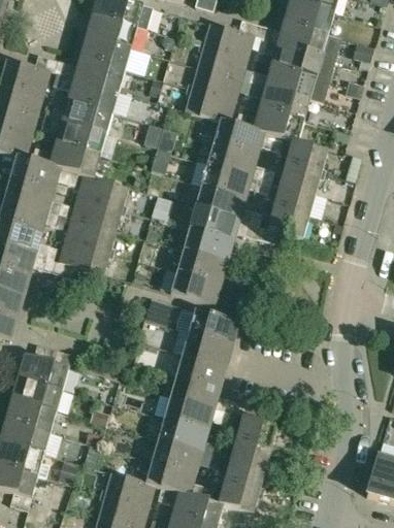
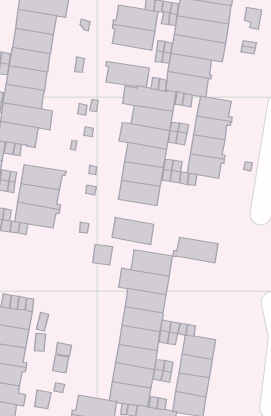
building: [187,66,241,100] -> none
building: [77,174,128,209] -> none
building: [172,249,227,283] -> [173,238,218,263]

